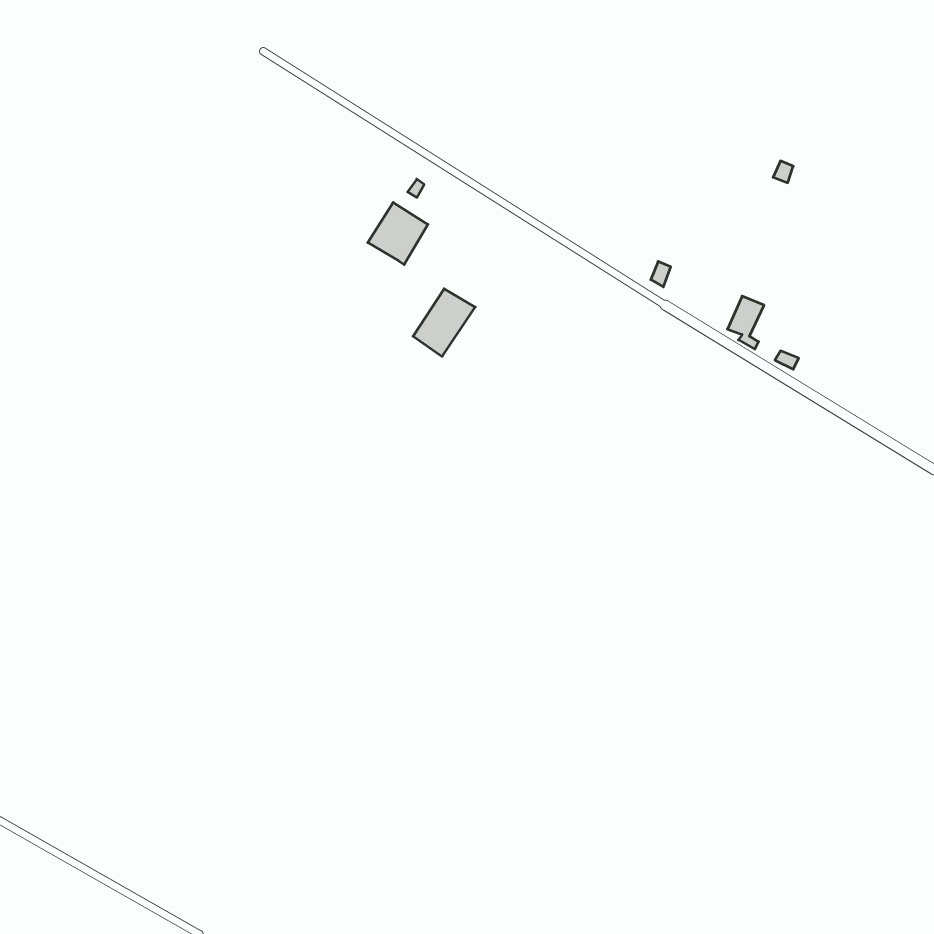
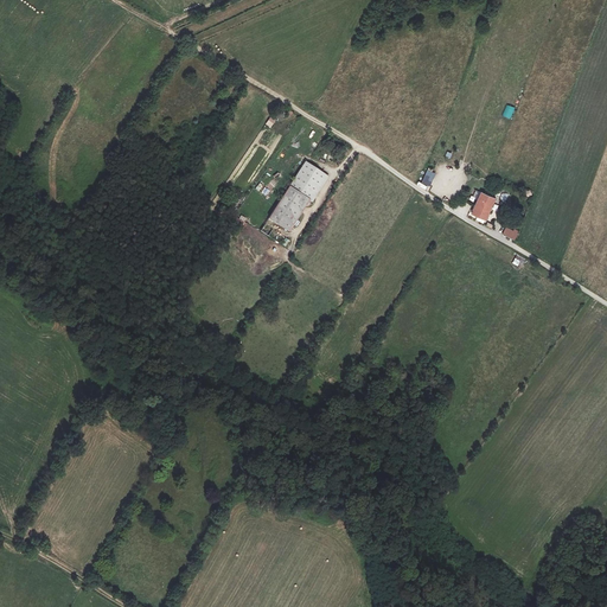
building: [368,202,428,265] -> [288,161,327,202]

